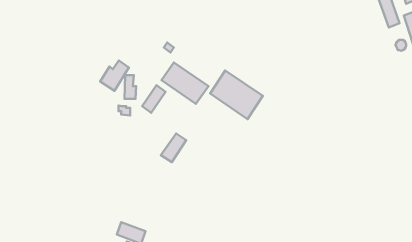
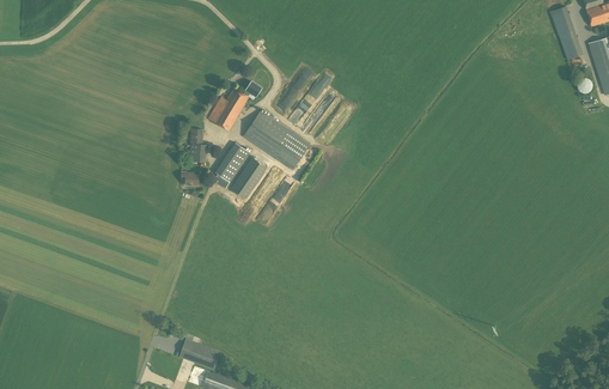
building: [100,61,129,91] -> [208,87,249,130]
building: [210,70,263,119] -> none
building: [161,133,186,162] -> [231,158,267,199]

